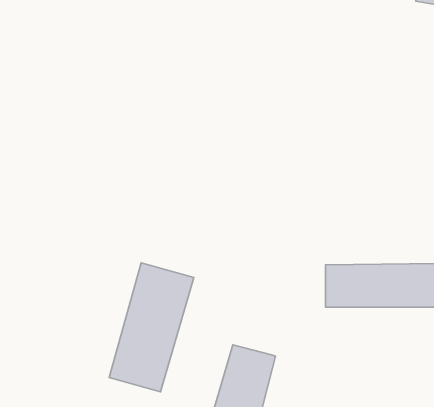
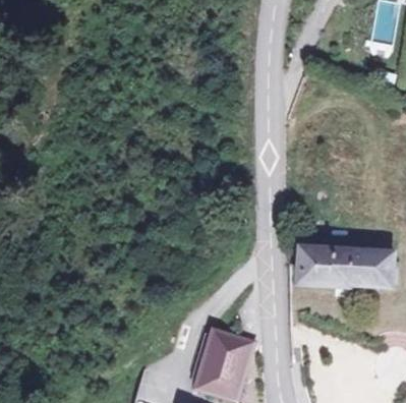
building: [109,263,194,392] -> none

